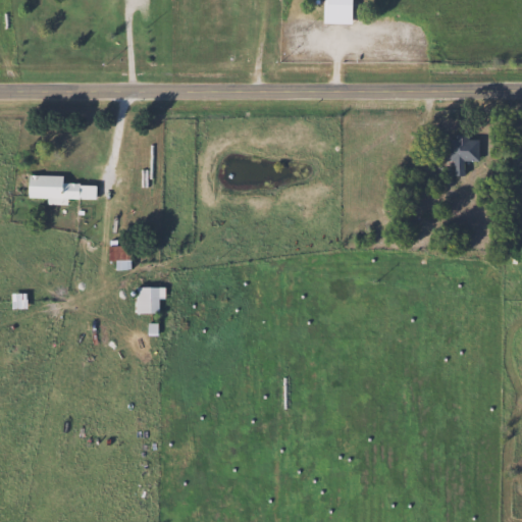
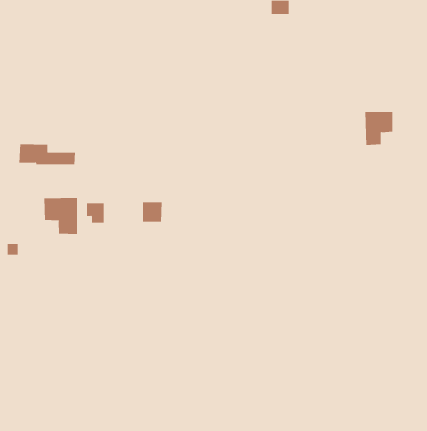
building: none -> [44,197,78,235]
building: [137,289,161,313] -> [142,202,163,222]

